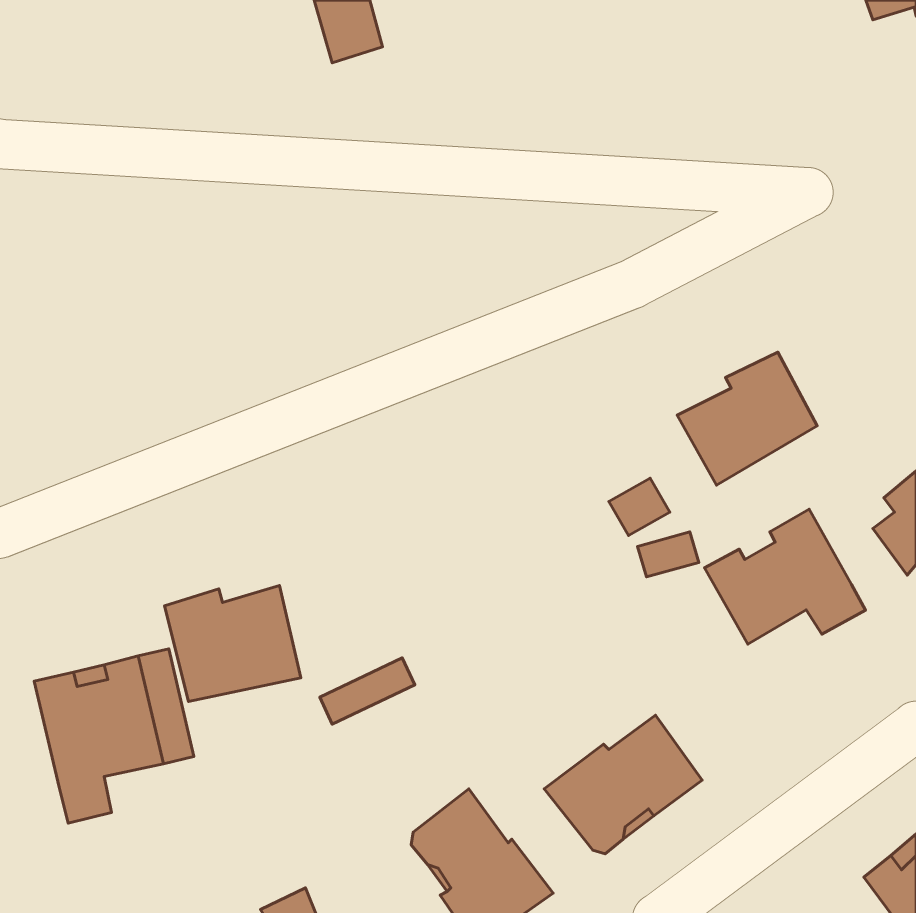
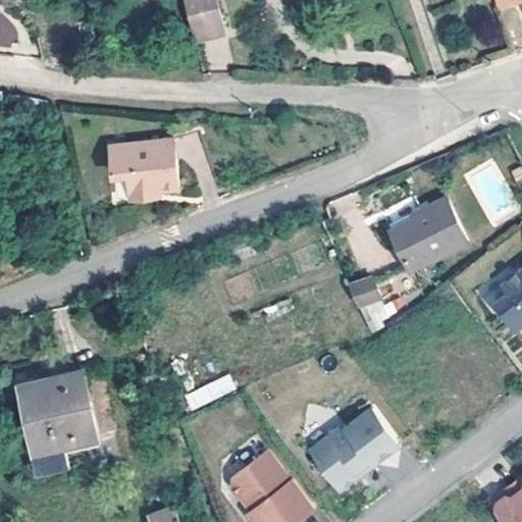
building: none -> [103,130,175,194]
building: [704,509,865,644] -> none
building: [164,586,301,701] -> none

